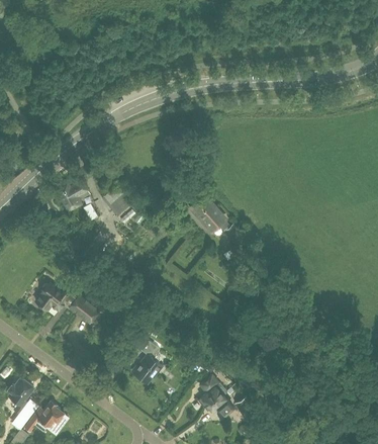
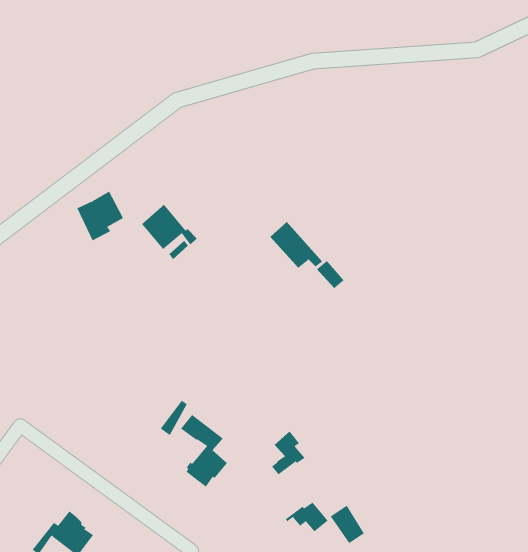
building: [35,282,98,322] -> none
building: [198,375,222,407] -> [271,430,306,475]
building: [8,377,33,417] -> none

